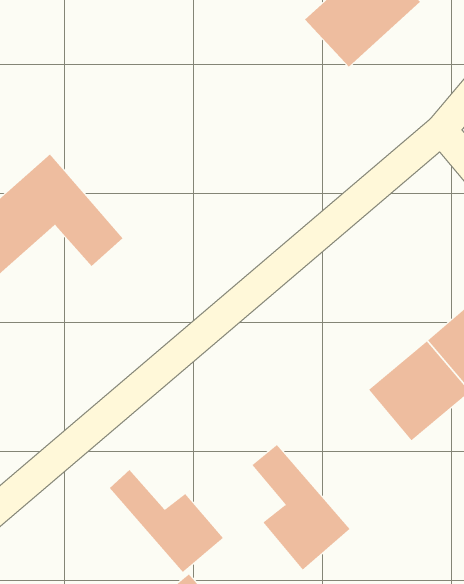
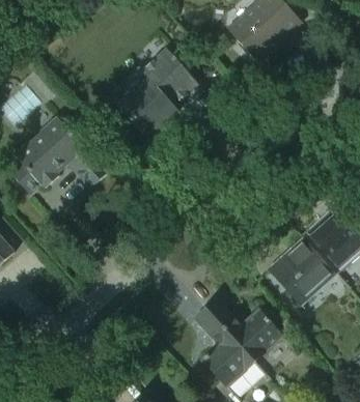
building: none -> [115,51,202,137]
building: [109,469,224,573] -> [210,293,284,361]

